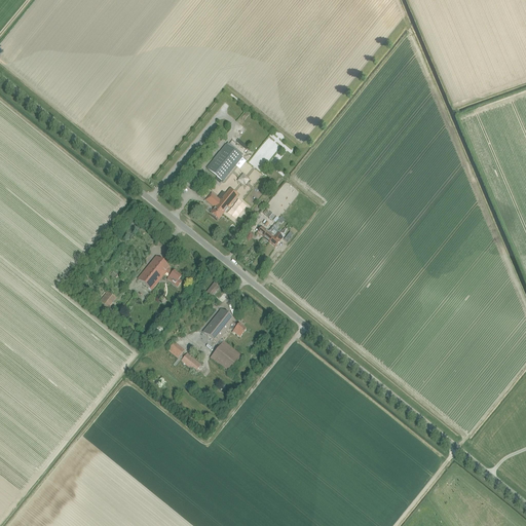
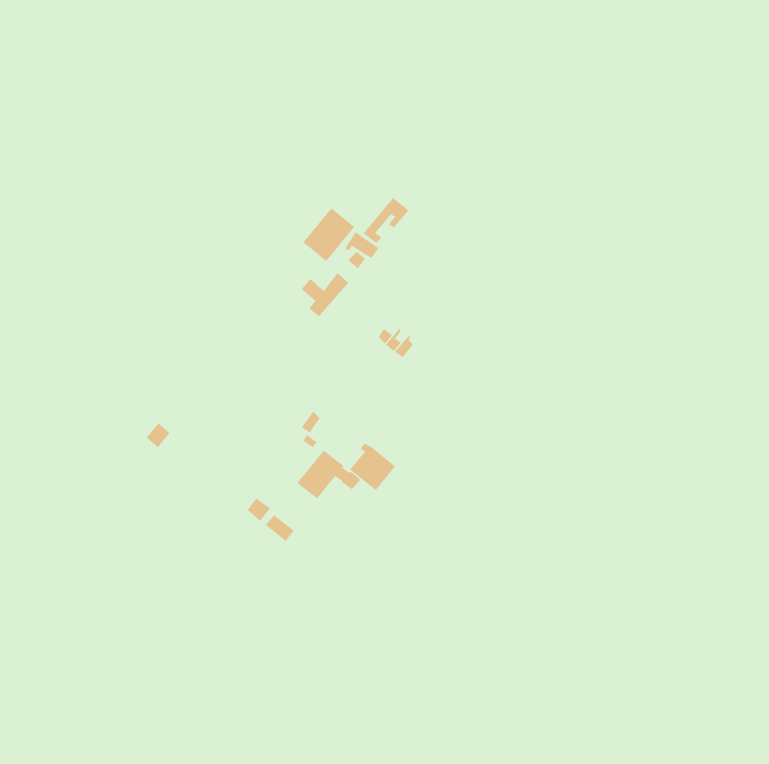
building: [138,254,182,289] -> none
building: [210,337,241,370] -> [349,443,396,491]

